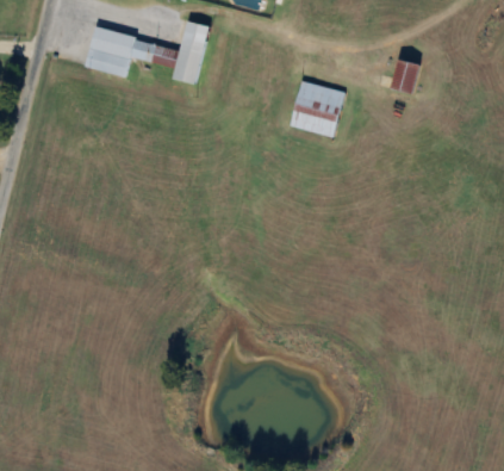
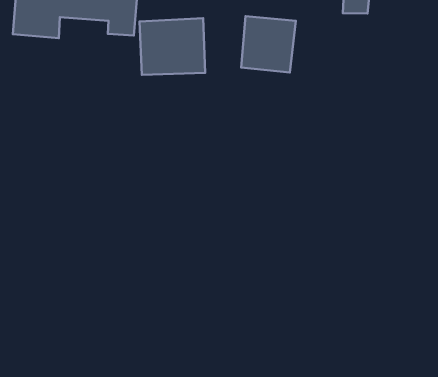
building: none -> [140,18,205,75]

